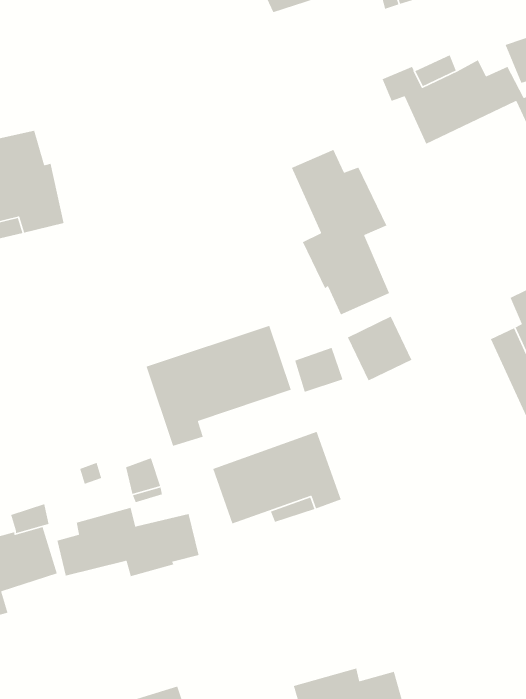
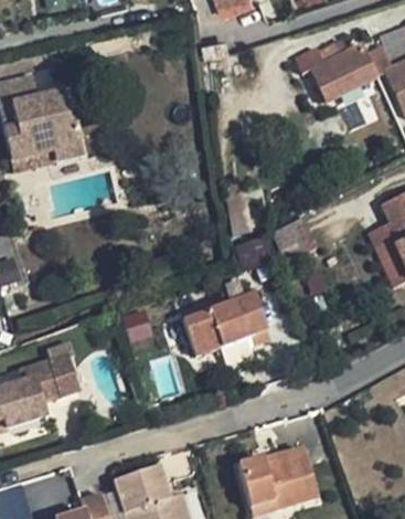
building: [291,149,390,315] -> none
building: [146,325,292,447] -> none
building: [57,507,199,577] -> none

